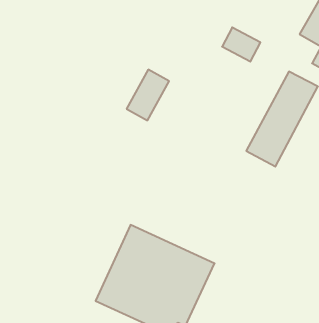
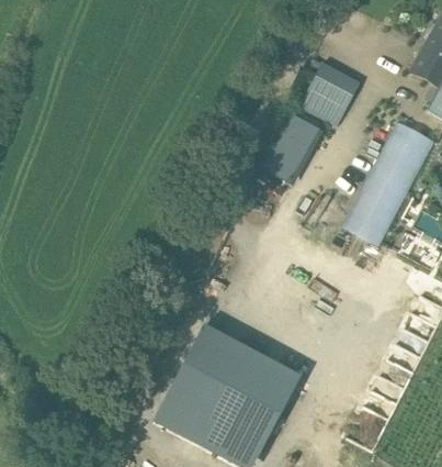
building: none -> [301,87,348,124]
building: [127,70,169,120] -> [264,114,320,181]

